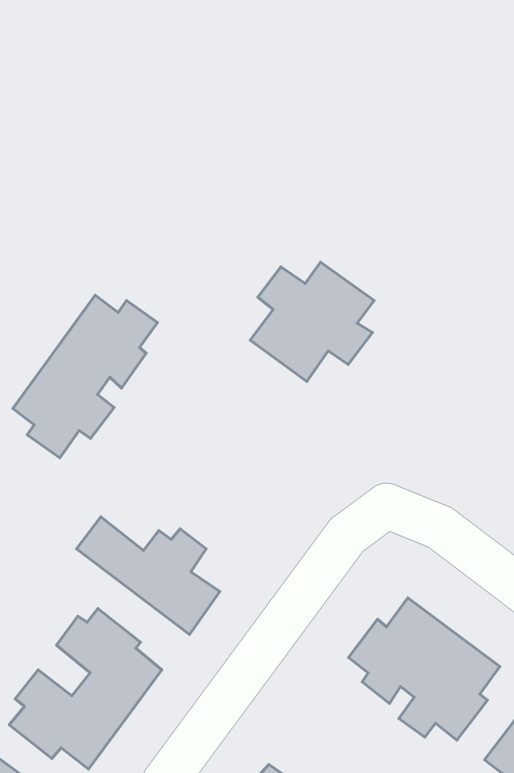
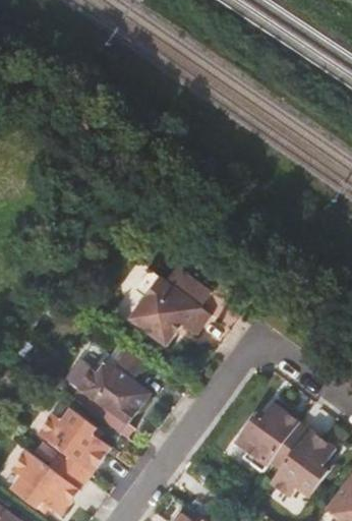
building: [250,262,374,381] -> [130,266,213,345]
building: [13,295,158,458] -> none

